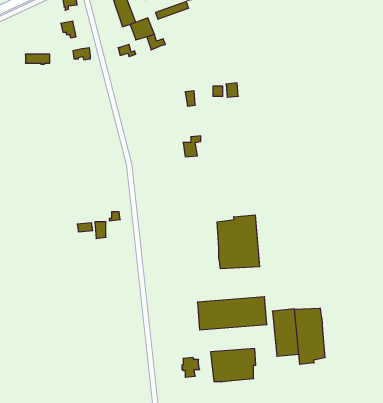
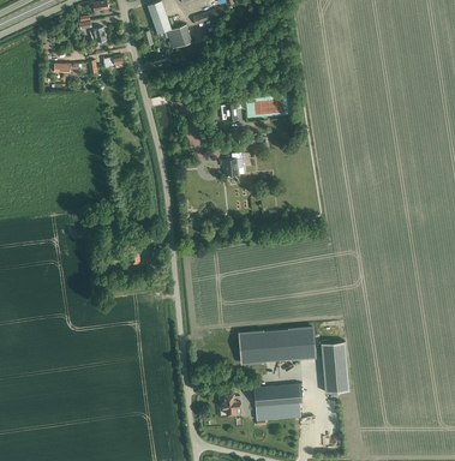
building: [217,215,260,269] -> none
building: [294,308,325,364] -> none

